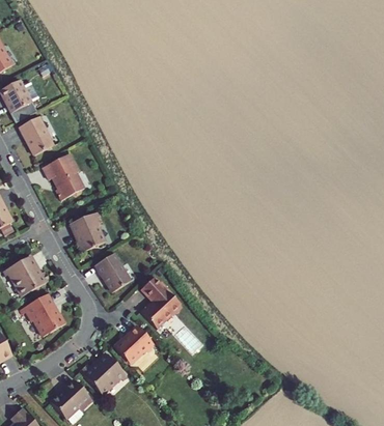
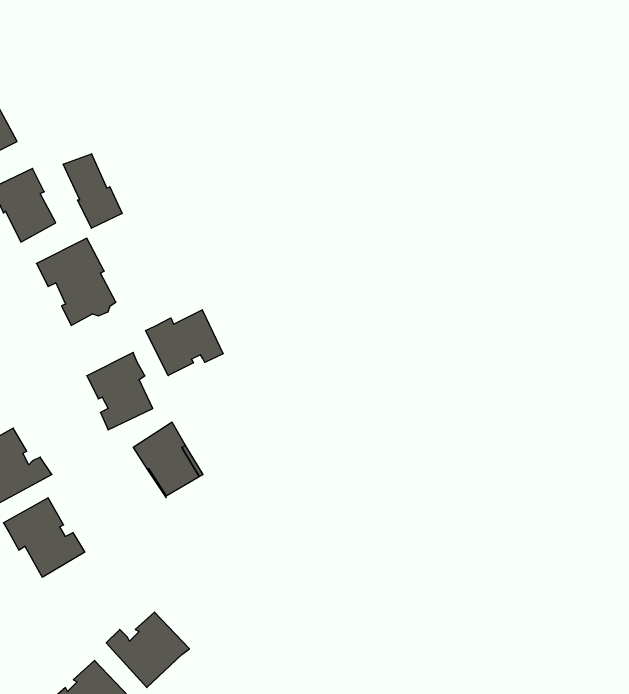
building: none -> [63,154,122,228]
building: none -> [146,310,223,376]
building: [140,277,180,329] -> none
building: [112,324,153,364] -> none

